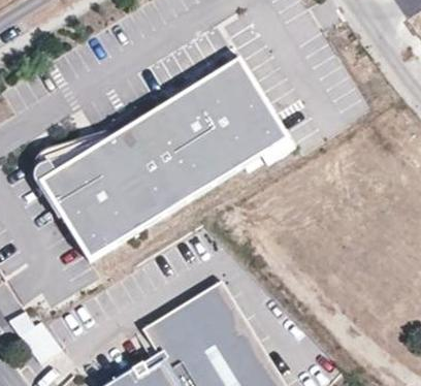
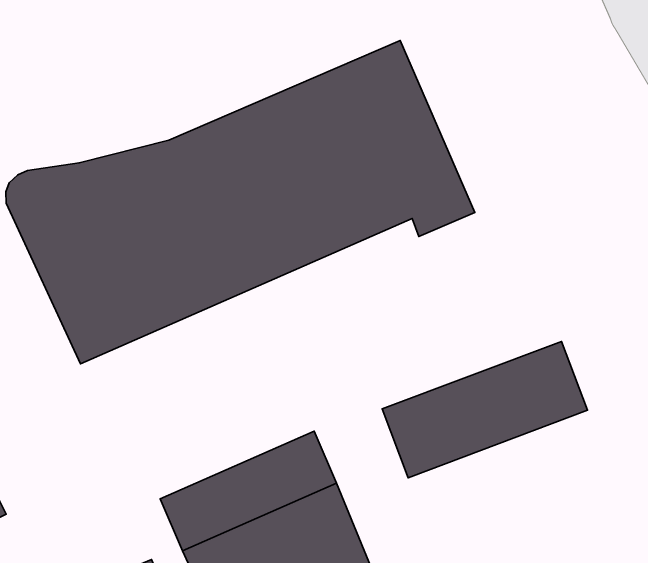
building: none -> [382,341,588,478]

